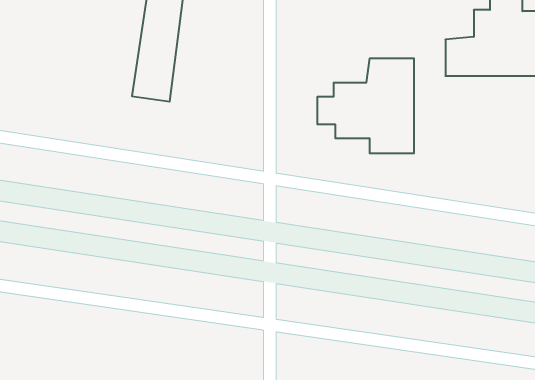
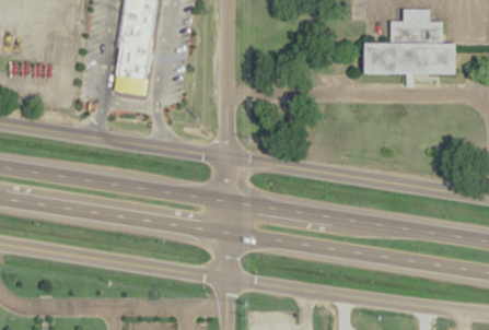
building: [317,58,414,153] -> none

